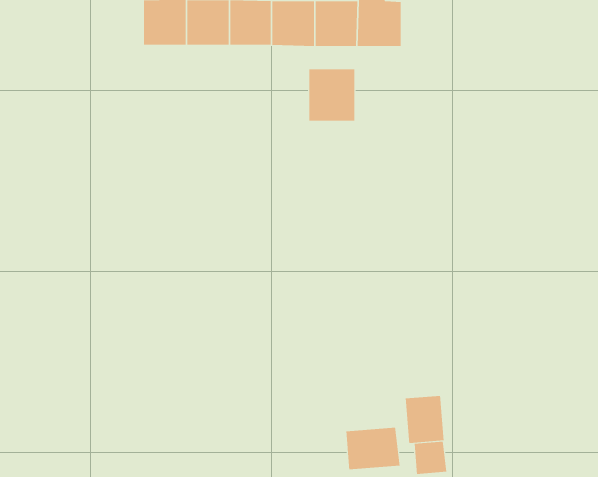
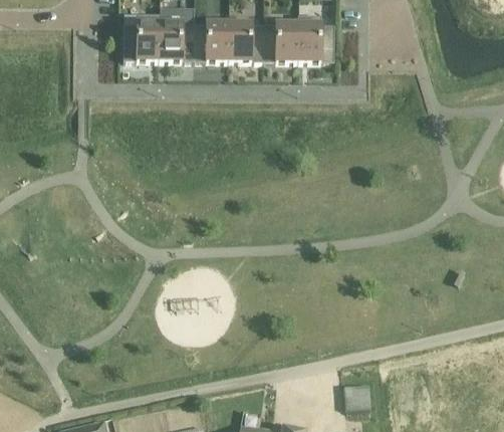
building: [309,68,355,121] -> none
building: [405,395,444,444] -> none
building: [346,427,400,470] -> none

